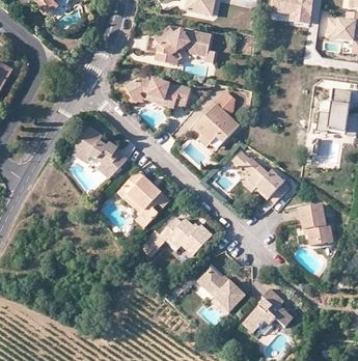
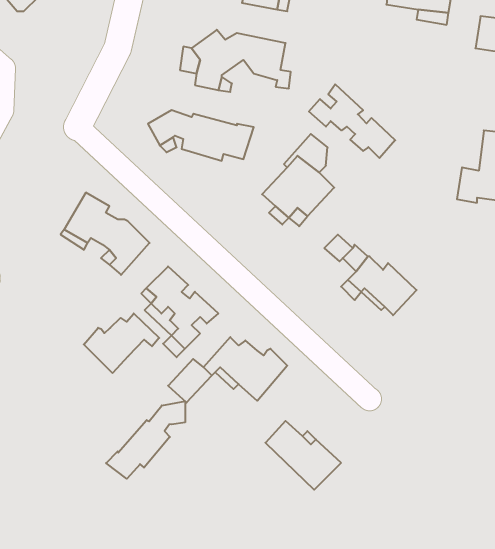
building: none -> [309,84,395,158]
building: none -> [84,313,159,373]
building: [299,204,333,246] -> none
building: none -> [106,401,185,479]
building: [243,288,293,333] -> none

